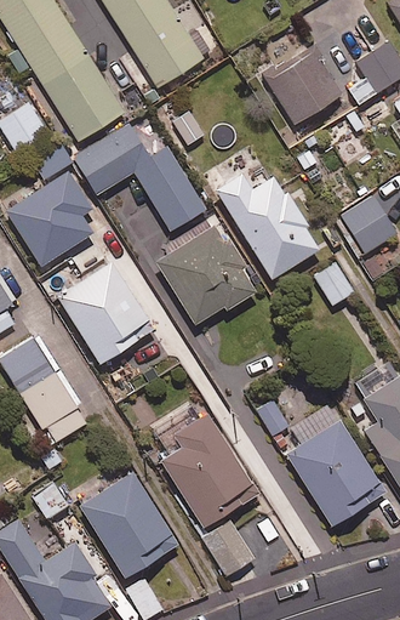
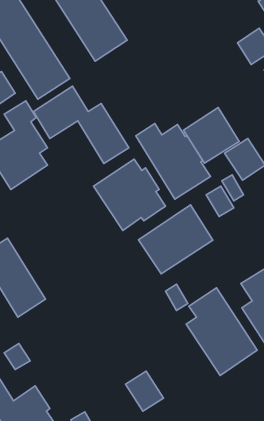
building: [265,47,343,125] -> [184,108,239,163]
building: [57,263,154,364] -> none
building: none -> [138,205,213,274]
building: [161,415,258,529] -> none
building: [79,472,178,579] -> none

